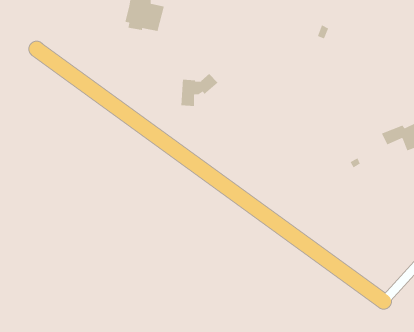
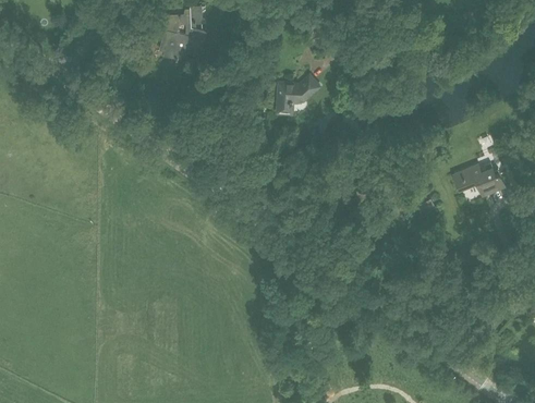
building: [180,73,219,107] -> [277,75,320,113]

